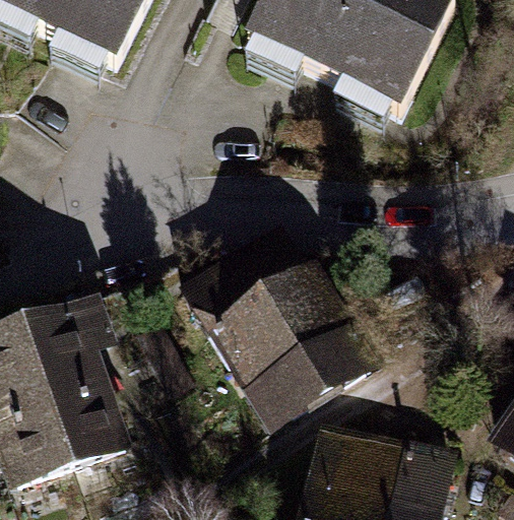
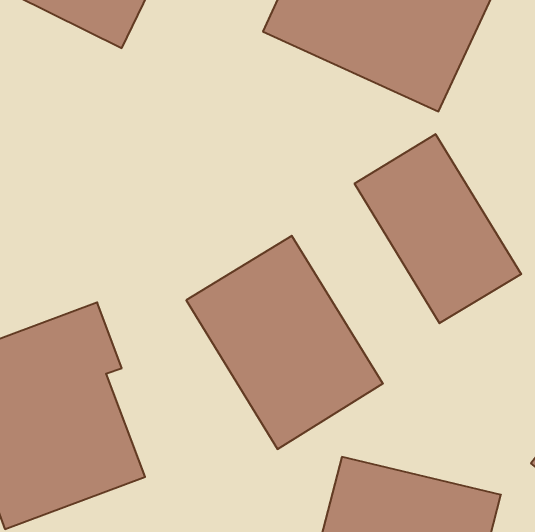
building: none -> [355,134,521,323]

